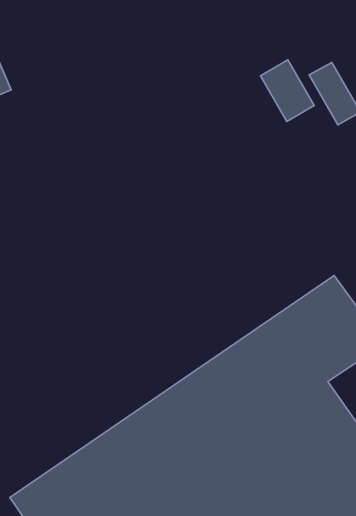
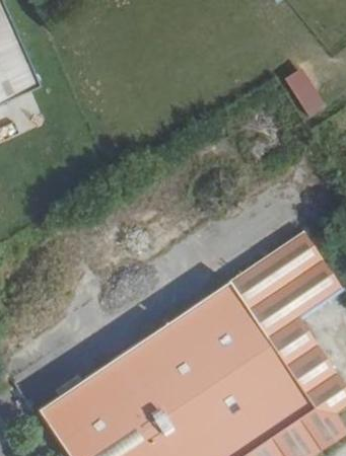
building: [261,60,314,121] -> none

